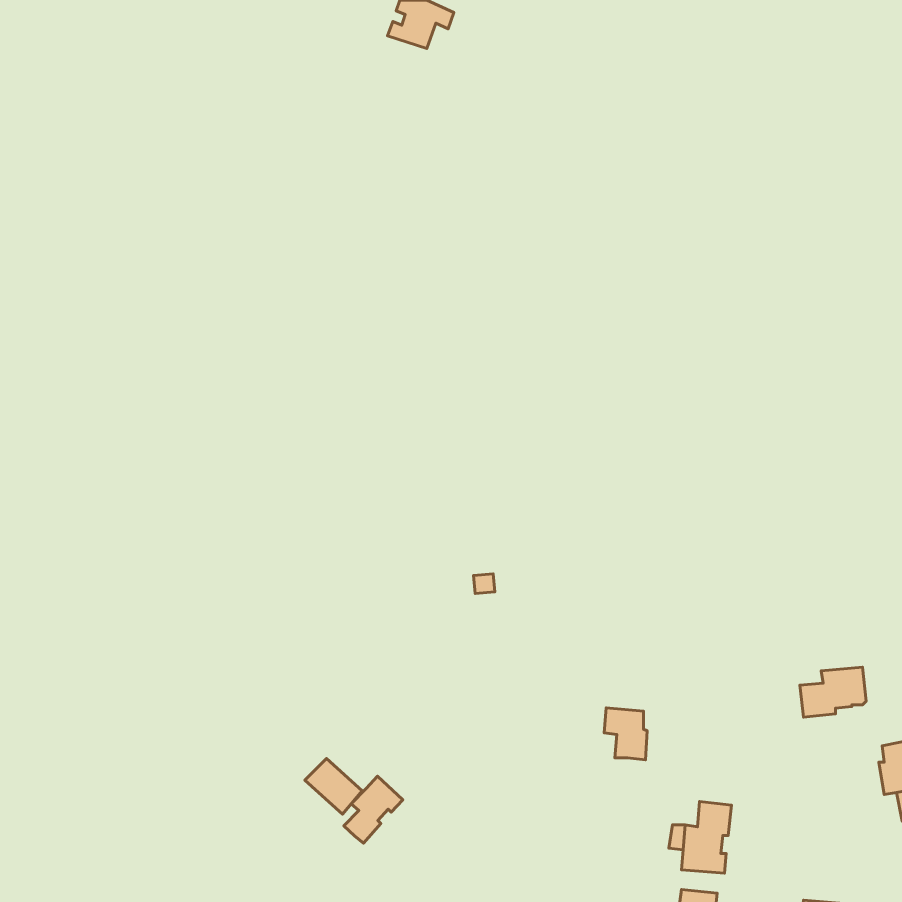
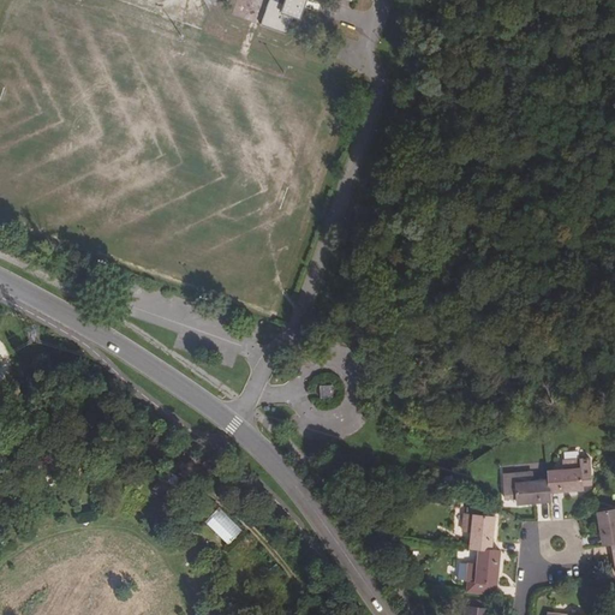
building: none -> [501,471,548,501]
building: [604,708,647,760] -> [462,513,491,548]
building: [344,776,403,843] -> none

